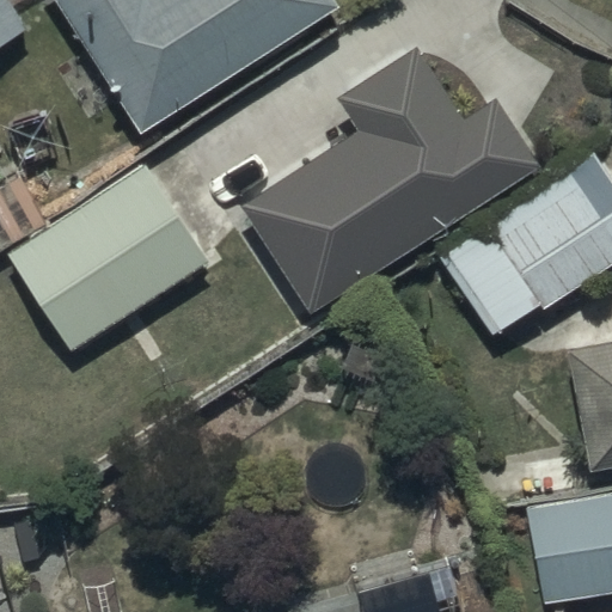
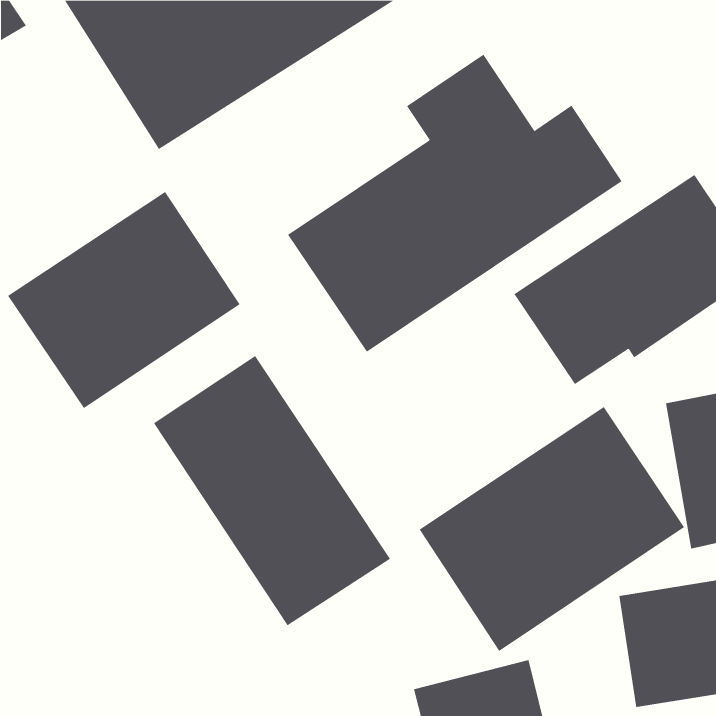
building: none -> [153,355,391,626]
building: none -> [419,406,685,652]

